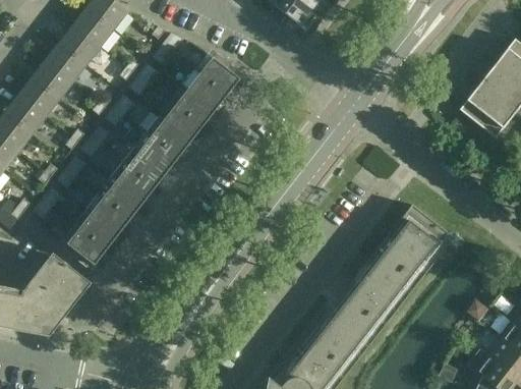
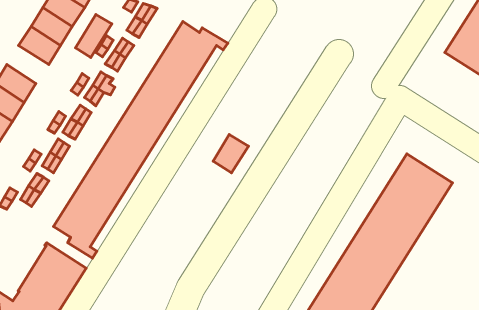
building: none -> [76,15,112,57]
building: [32,60,72,99] -> none
building: none -> [213,135,248,173]

